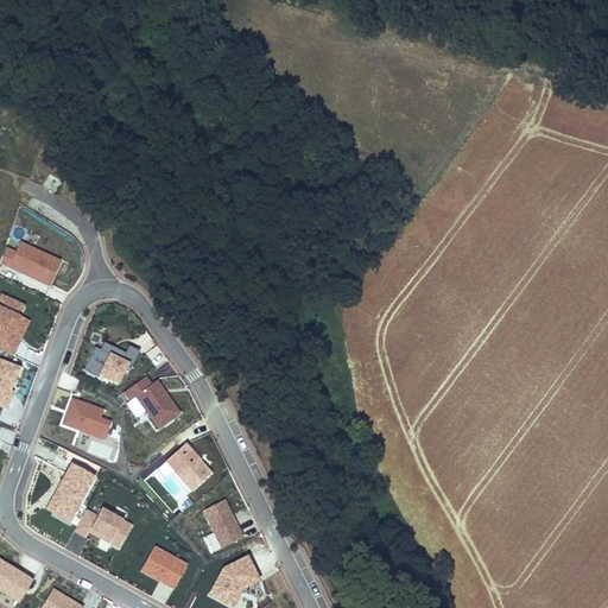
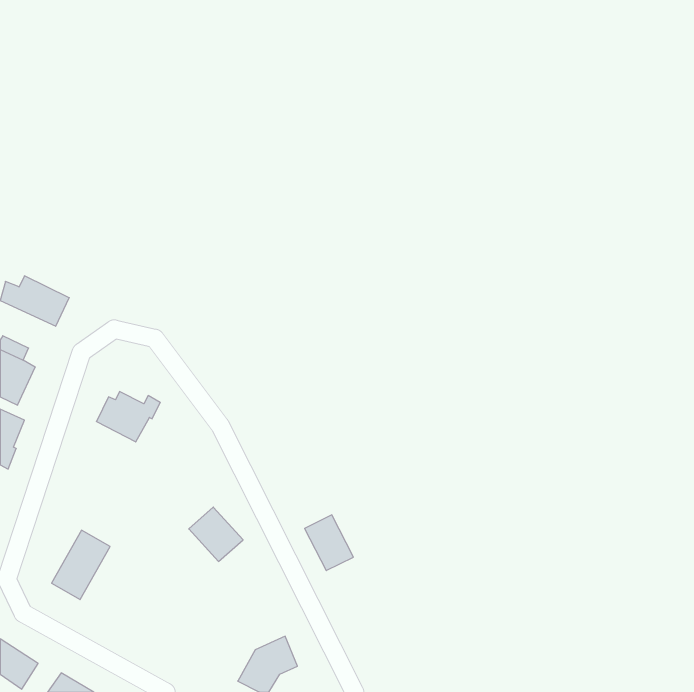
building: [122,374,182,429] -> none
building: [62,398,113,441] -> none
building: [202,499,245,547] -> [305,515,353,571]
building: [75,508,132,549] -> none
building: [140,546,188,590] -> none

